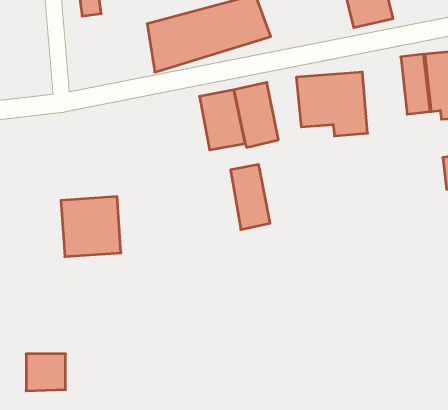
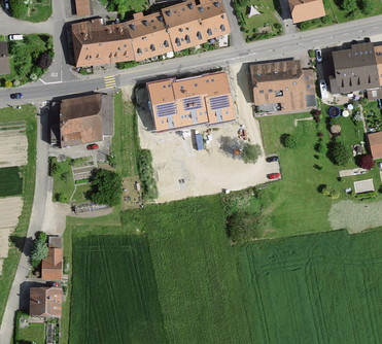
building: none -> [69,18,135,69]
building: [231,165,270,230] -> [147,76,179,129]
building: [61,197,121,257] -> [59,97,107,145]
building: none -> [42,249,62,278]

